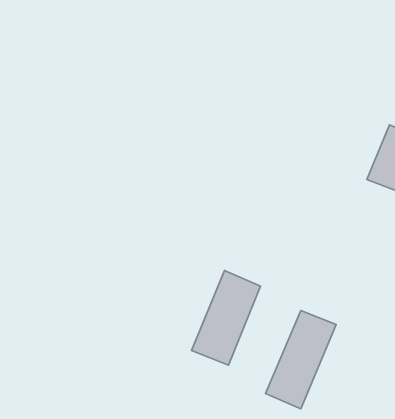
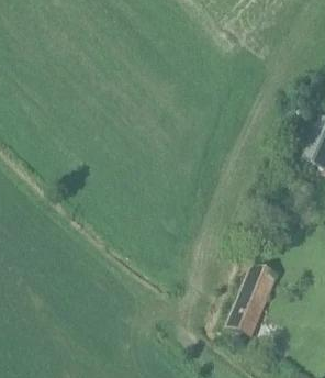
building: [191,271,261,365] -> none

